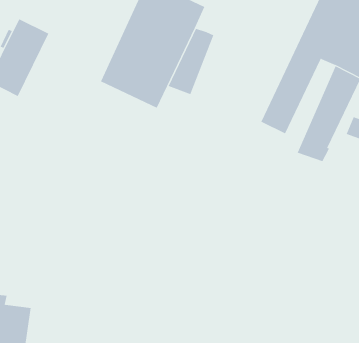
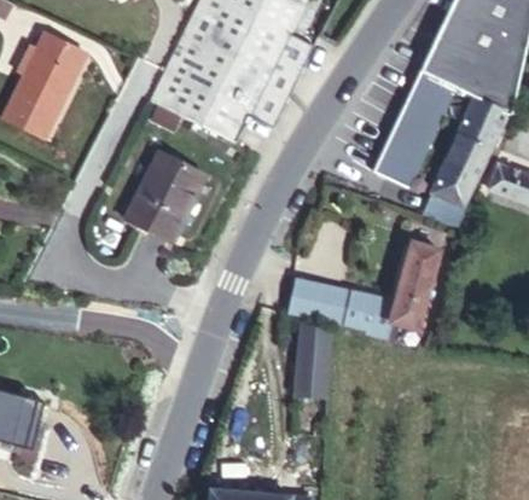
building: none -> [128,164,210,258]
building: none -> [289,239,438,335]
building: none -> [295,322,331,395]

